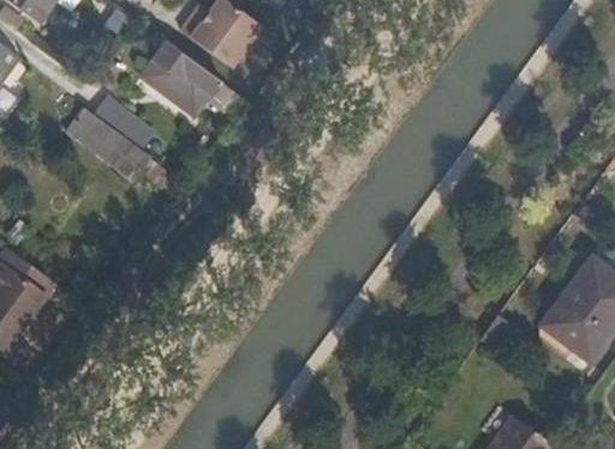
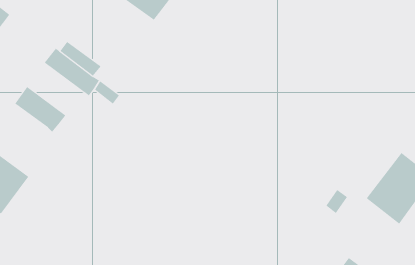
building: [141,42,250,121] -> none
building: none -> [14,86,66,132]

